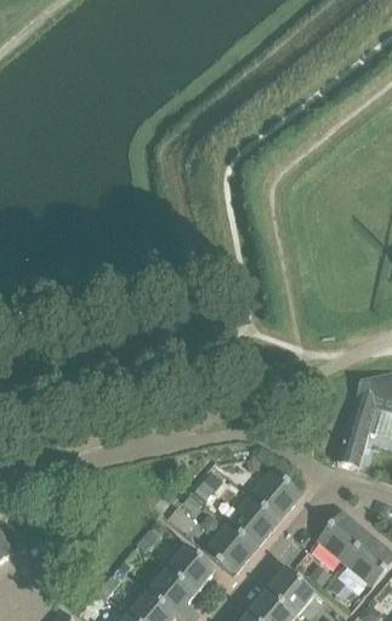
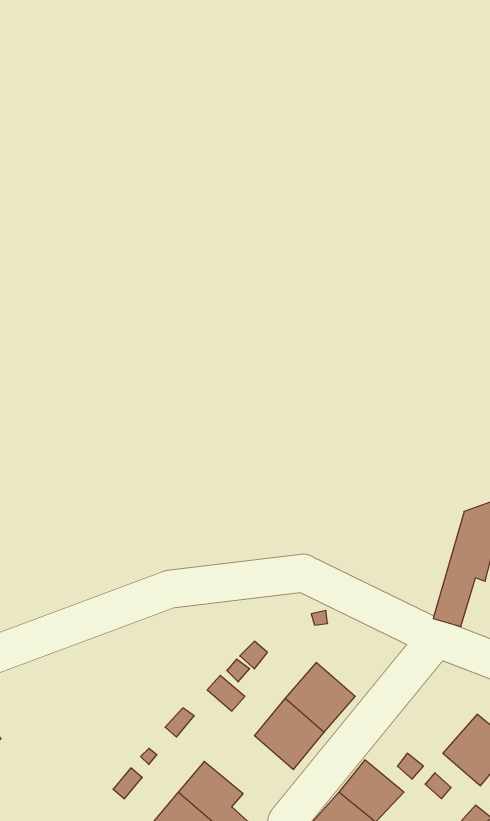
building: [250,468,302,522] -> none
building: [317,512,370,564] -> none
building: [166,546,215,594] -> none

